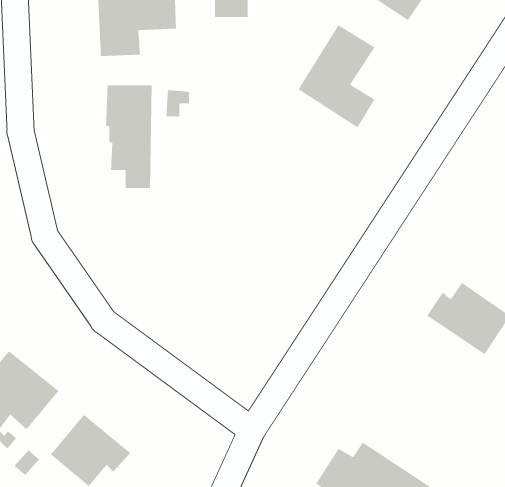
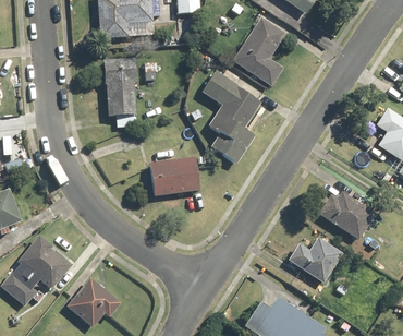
building: none -> [202,71,262,165]
building: none -> [151,157,200,195]
building: none -> [290,237,342,281]

